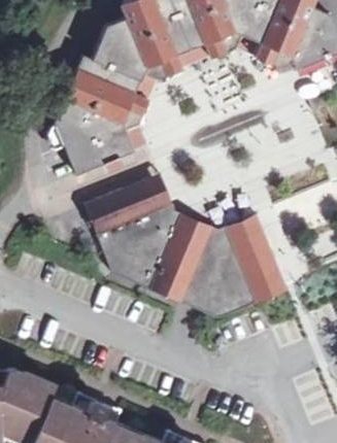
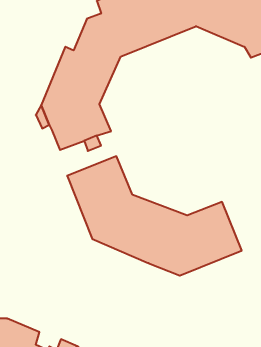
building: [121,31,295,151] -> none
building: [140,175,262,248] -> none

